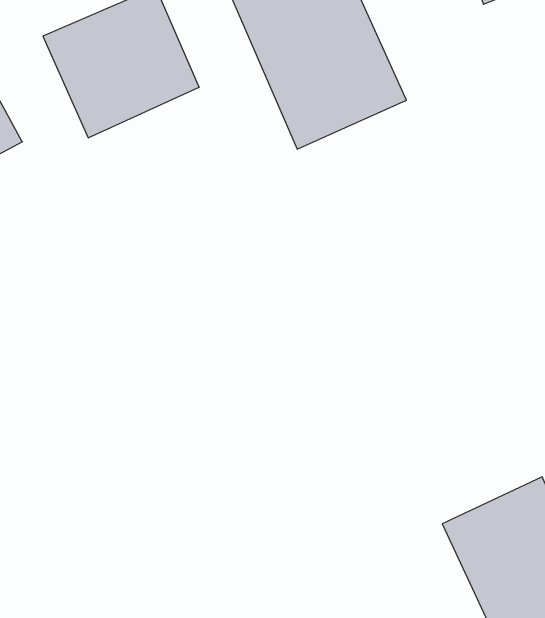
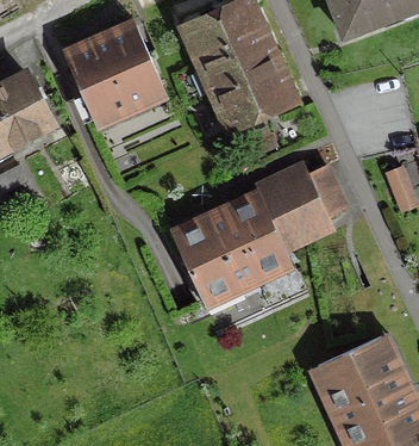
building: none -> [174,166,346,301]

